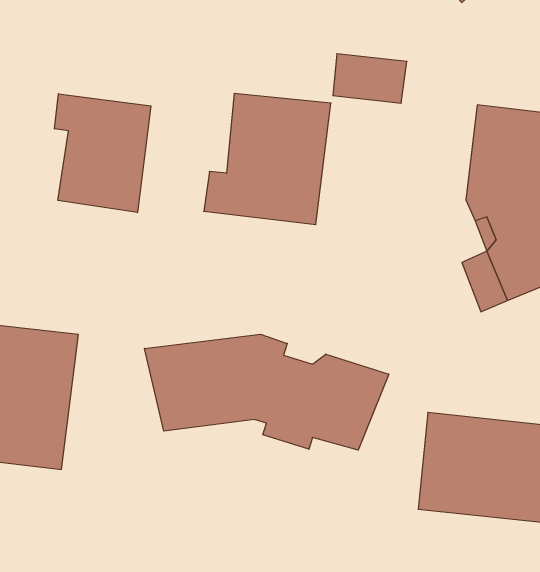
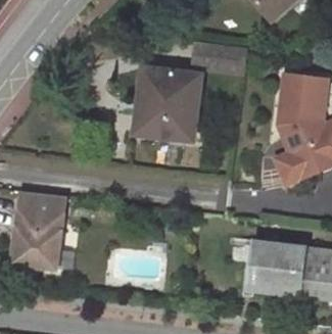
building: [55,94,151,213] -> none
building: [144,334,389,450] -> none

